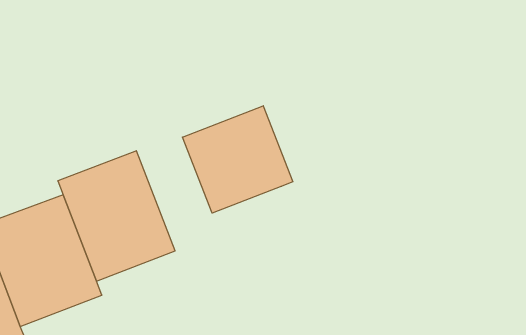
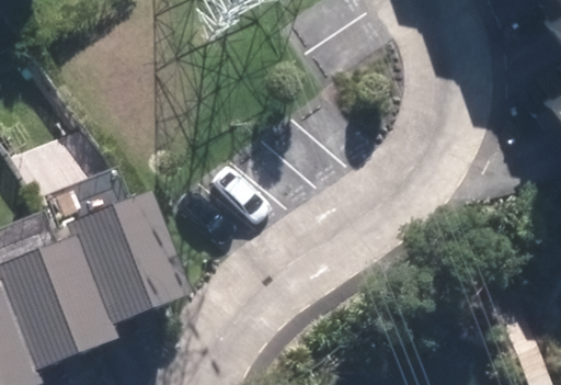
building: [182,106,293,213] -> none

